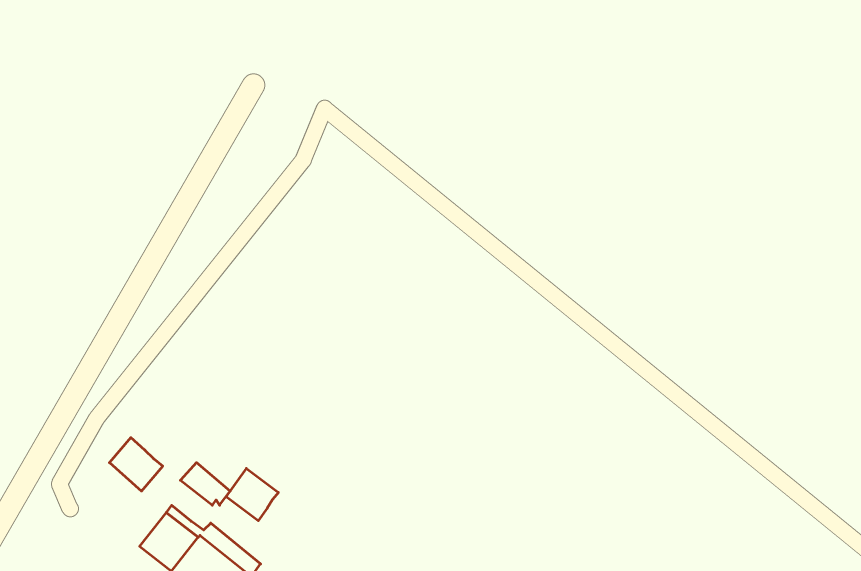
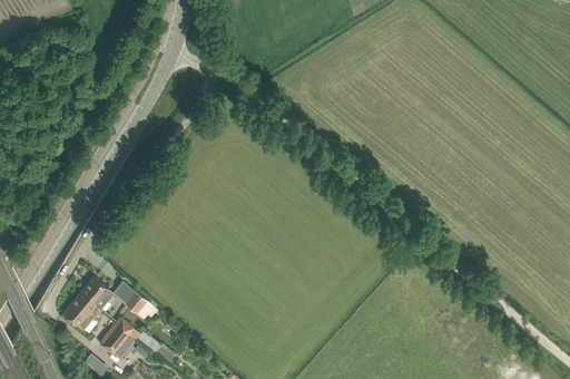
building: none -> [63,291,101,330]
building: [226,468,278,521] -> none

